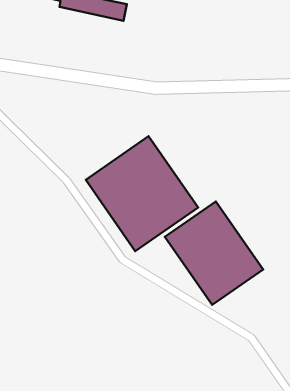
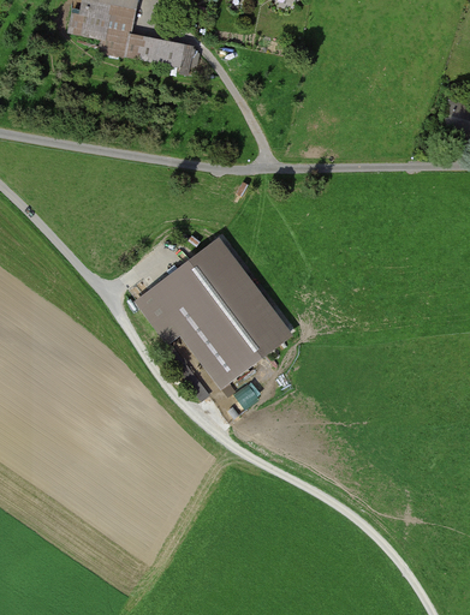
building: [165,201,263,305] -> none

